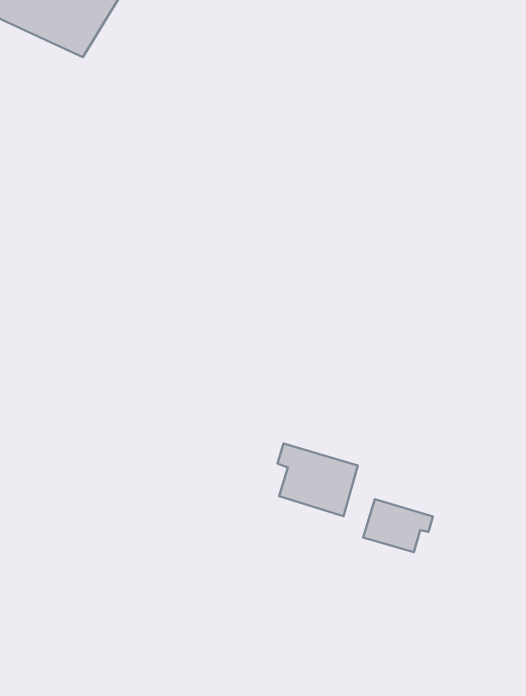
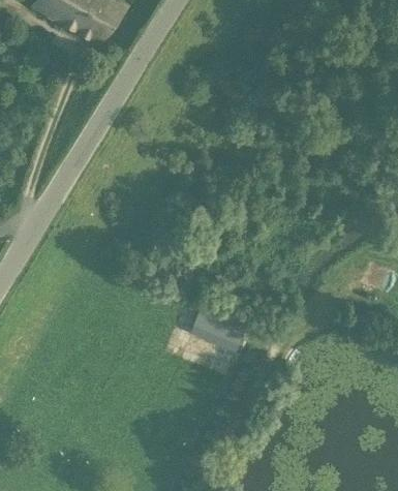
building: [363,499,433,552] -> none

